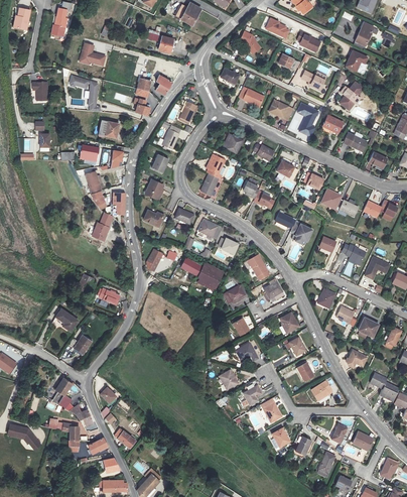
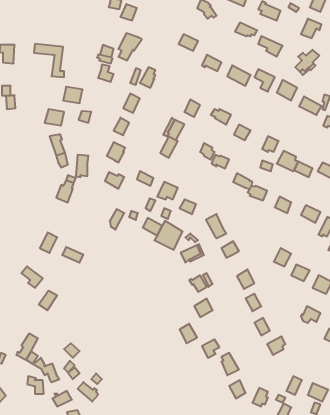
building: [78,42,105,66] -> none

